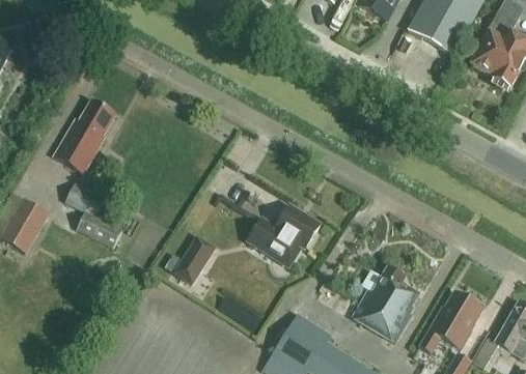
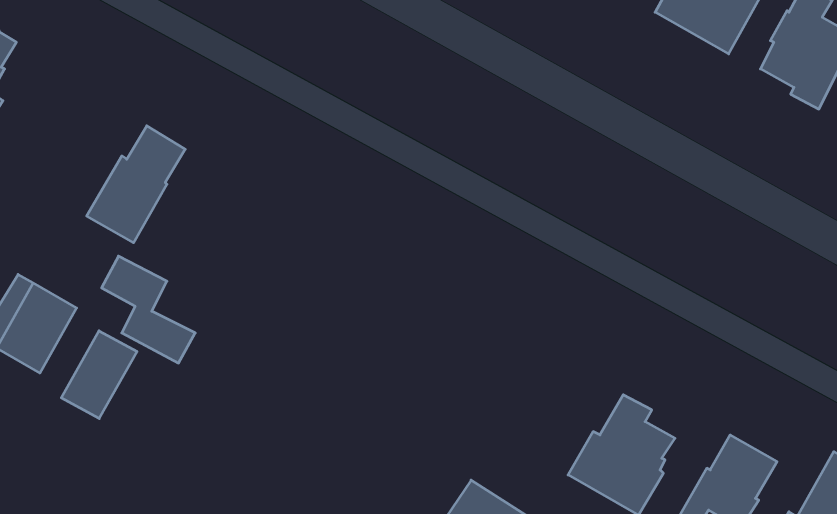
building: [248,205,321,260] -> none
building: none -> [61,331,137,419]
building: [174,236,211,282] -> none

